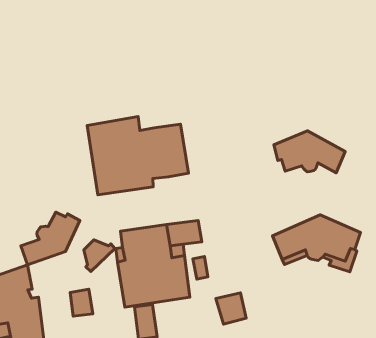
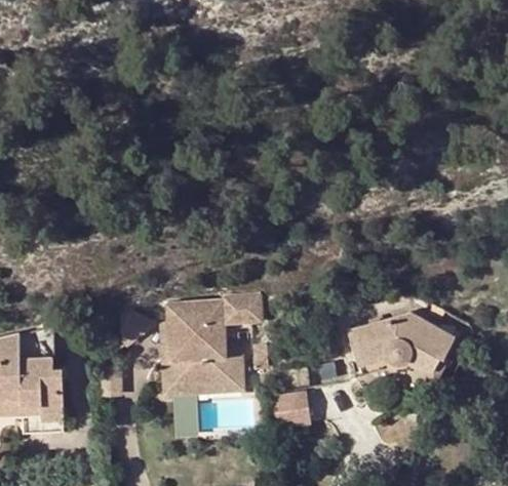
building: [87,117,188,195] -> none
building: [274,131,345,173] -> none
building: [21,212,80,265] -> none

